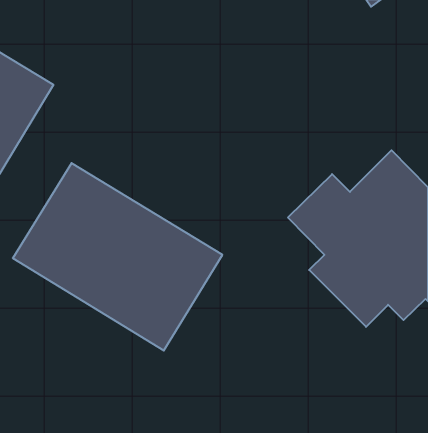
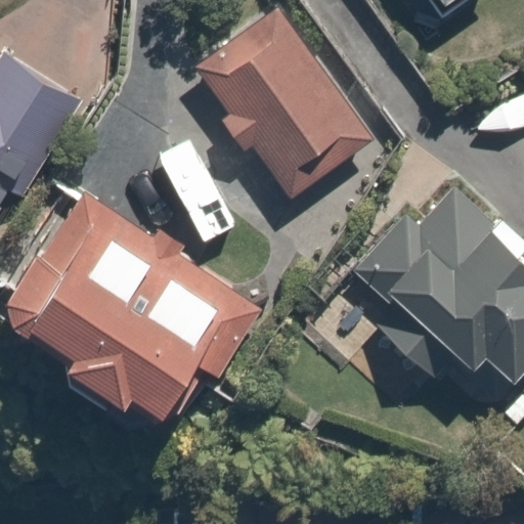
building: none -> [193,4,374,200]

